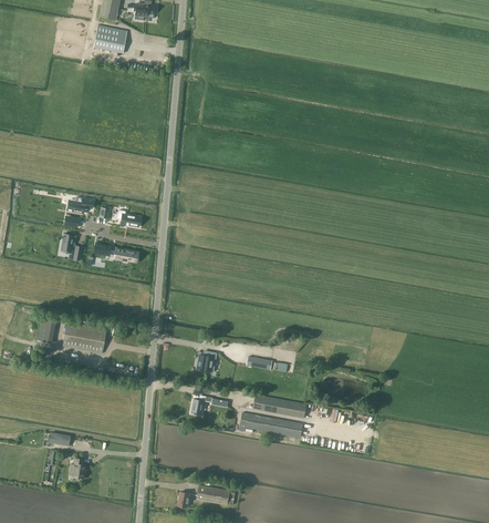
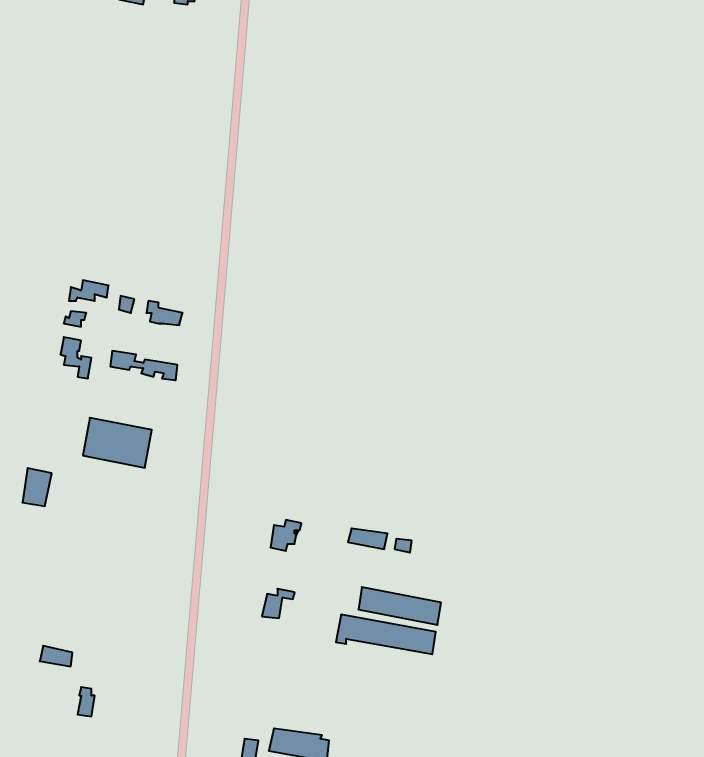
building: [93,24,127,53] -> none
building: [62,321,106,353] -> [83,418,152,468]

